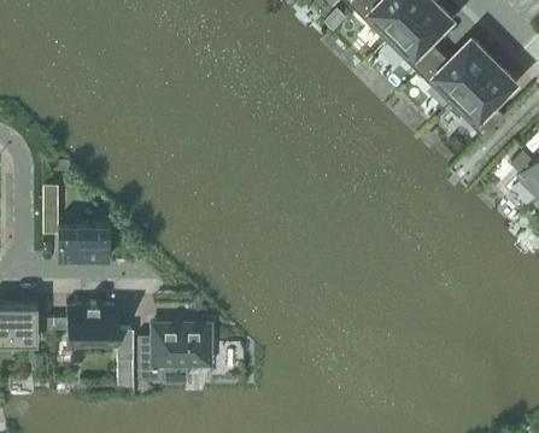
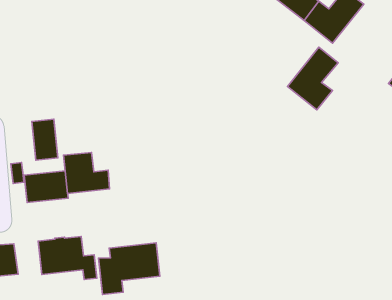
building: [451,62,516,137] -> [287,47,338,110]
building: none -> [32,119,58,160]
building: none -> [63,152,109,193]

